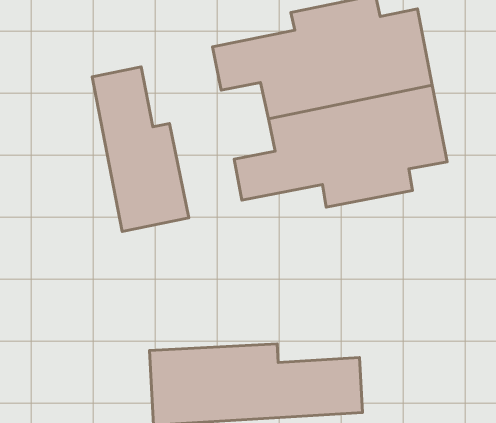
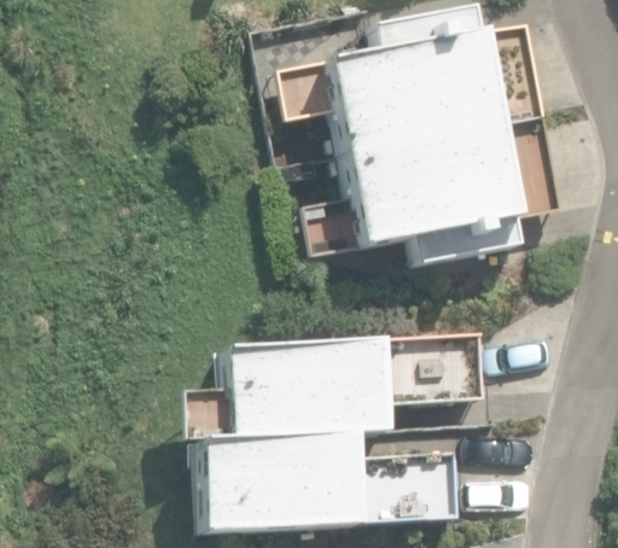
building: [92,67,189,231] -> none
building: none -> [171,333,477,443]

